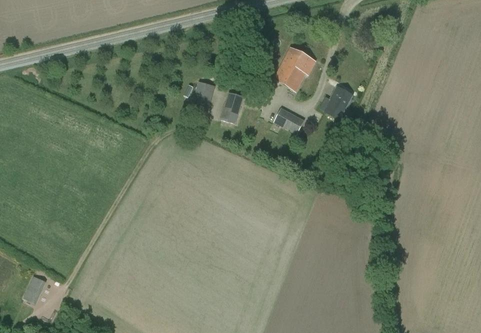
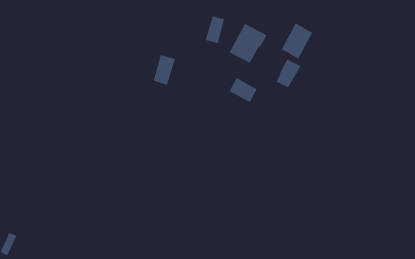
building: none -> [281,23,313,59]
building: [220,92,242,123] -> [205,16,225,44]

